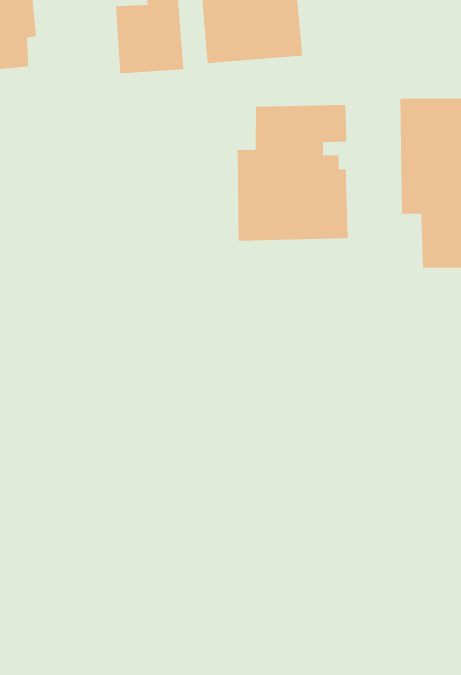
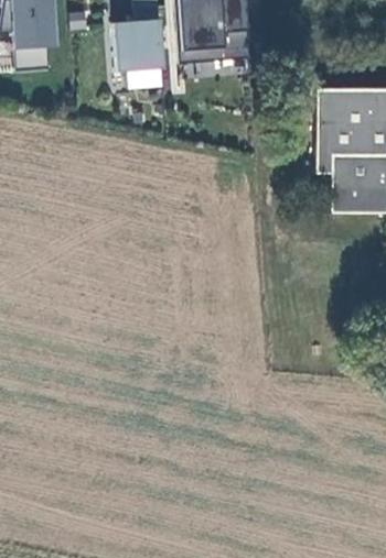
building: [237,104,348,241] -> none

